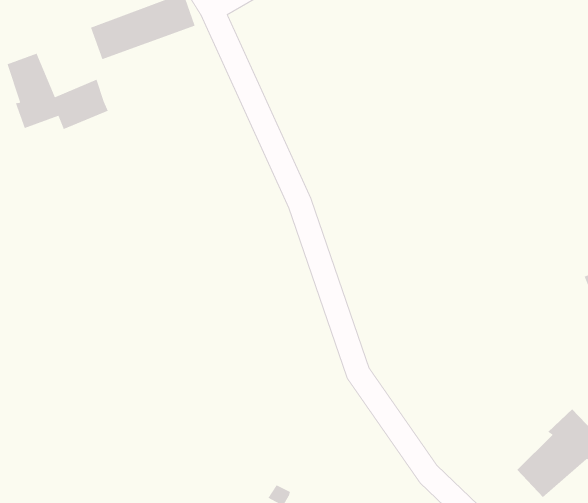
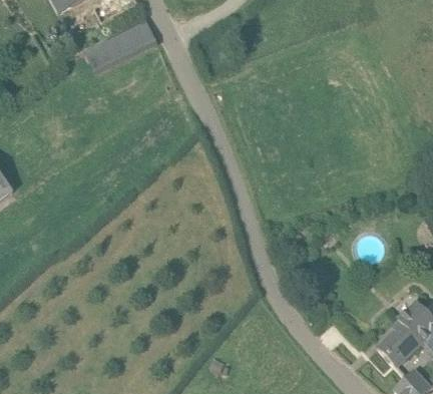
building: [7,53,109,130] -> none

